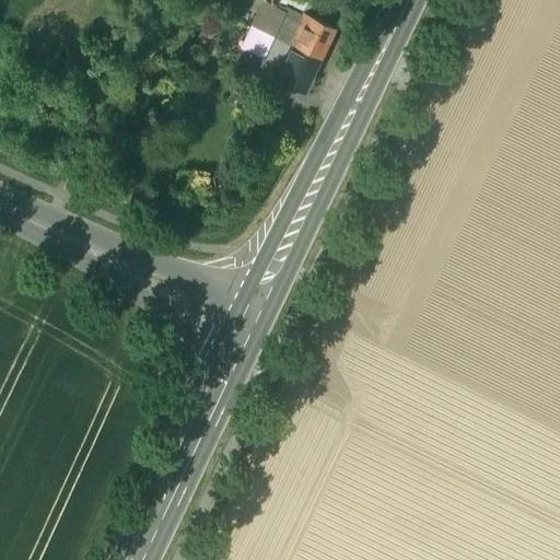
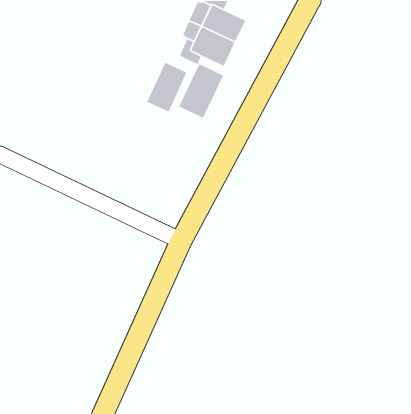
building: none -> [146,62,188,113]
building: none -> [178,63,224,119]

